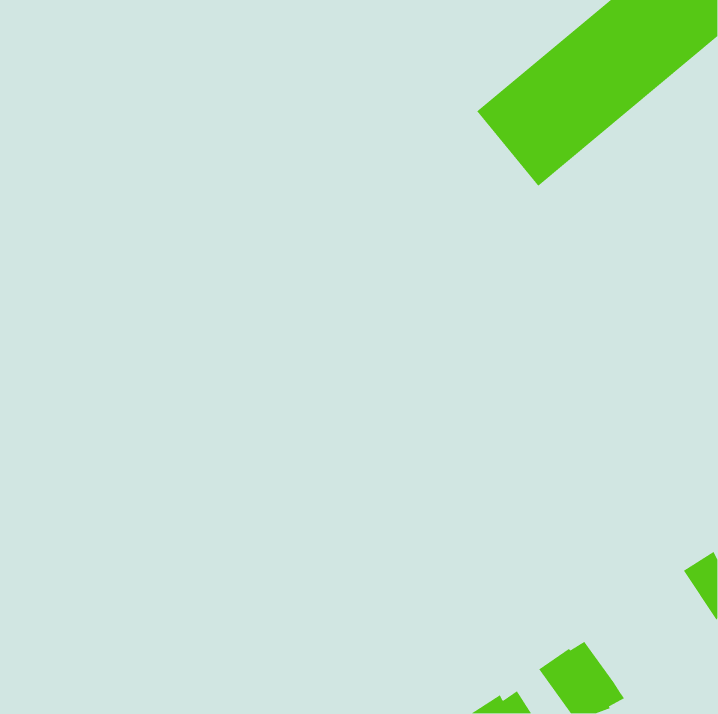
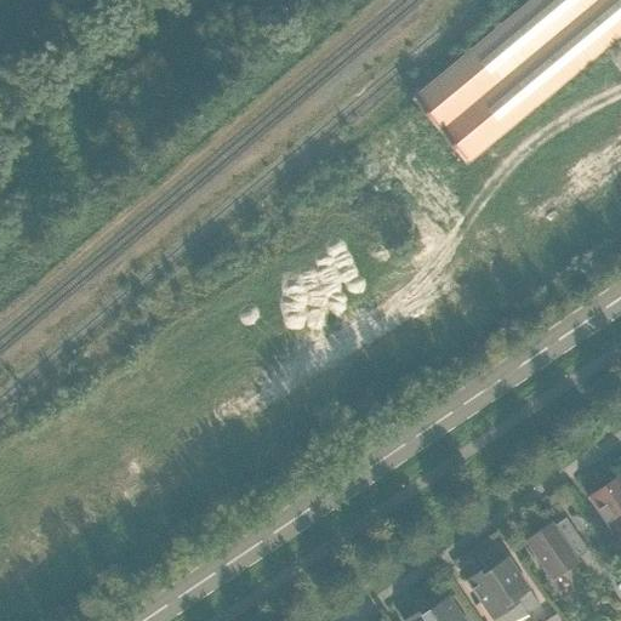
building: none -> [524,514,587,577]

